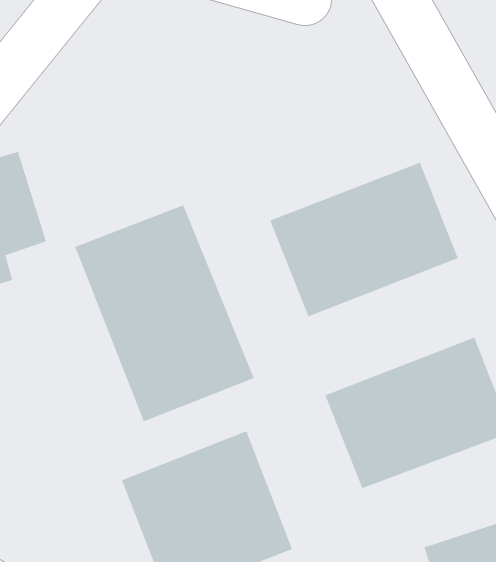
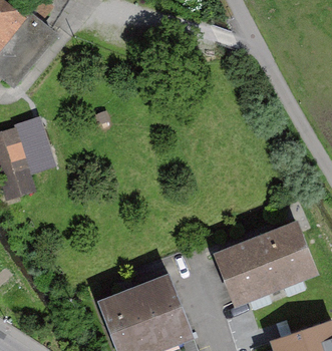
building: [270,162,459,317] -> none
building: [74,204,254,422] -> none

